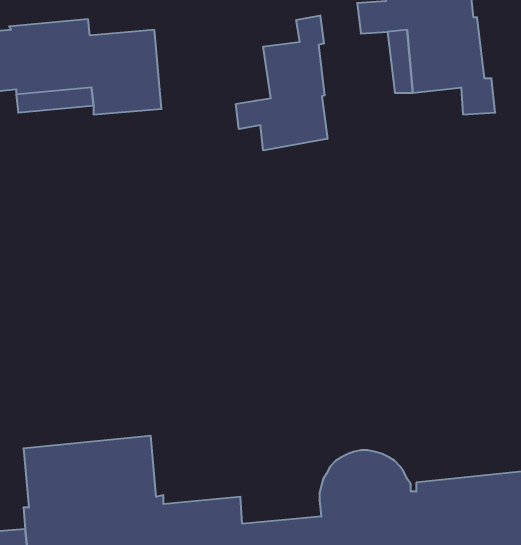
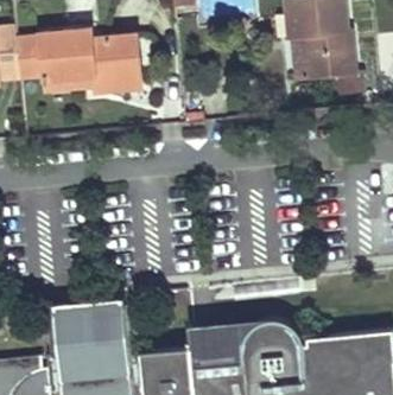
building: [236,15,327,150] -> none
building: none -> [190,318,246,363]

